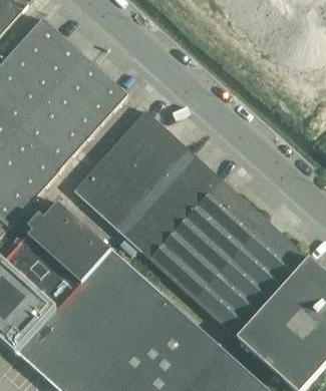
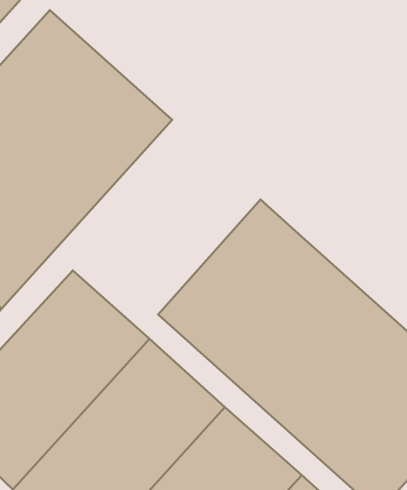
building: [73,110,192,233] -> none

